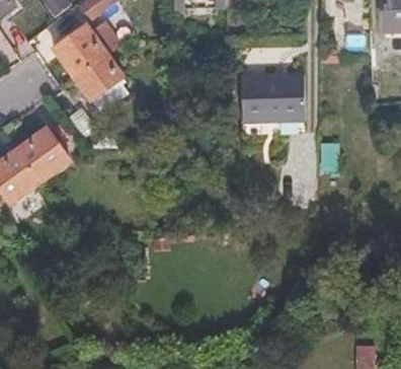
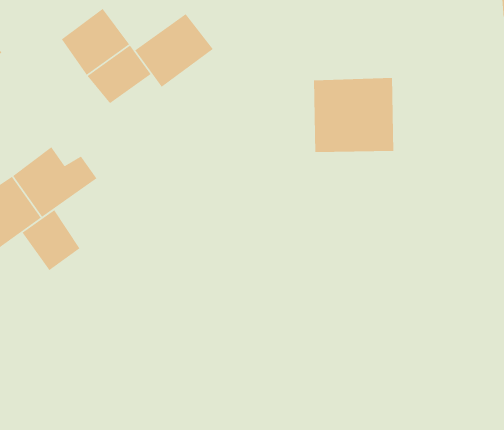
building: none -> [134,13,214,88]
building: none -> [22,209,81,271]

